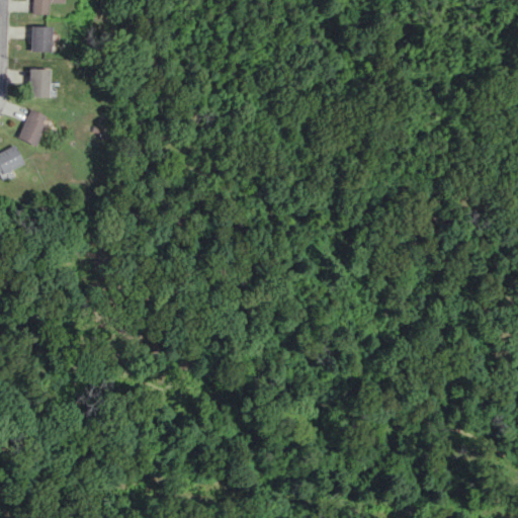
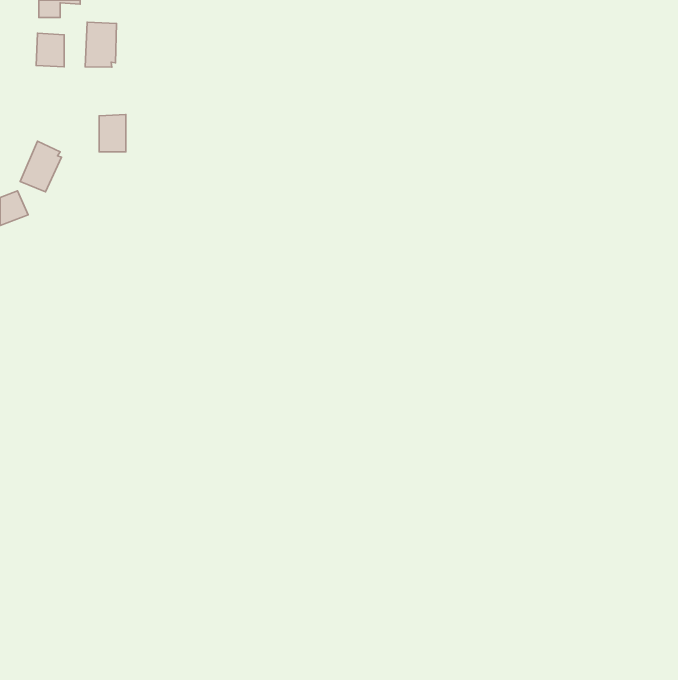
building: none -> [85,22,116,67]
building: [29,69,50,97] -> [99,115,126,152]

